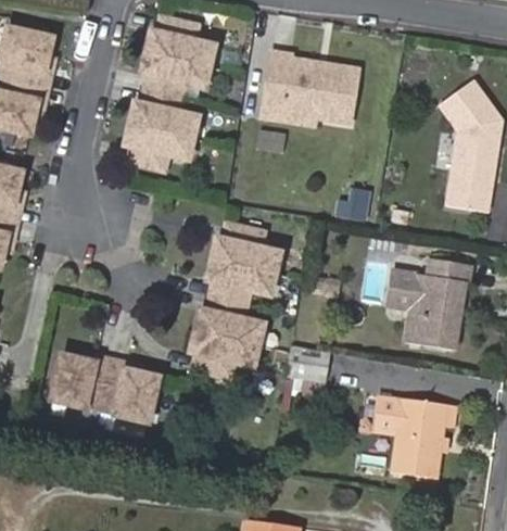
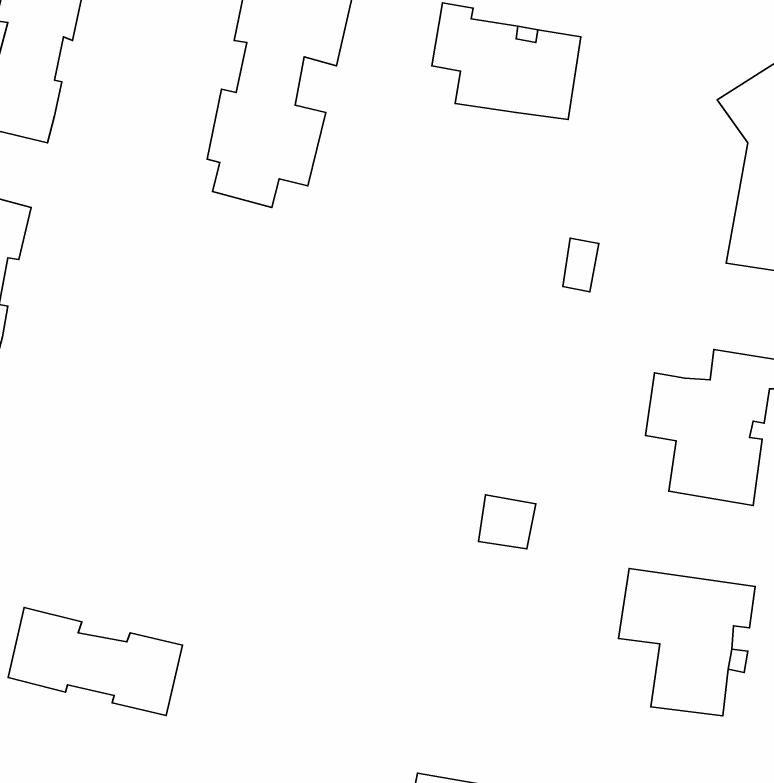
building: [257,86,314,125] -> none
building: [197,223,283,372] -> none
building: [53,361,159,426] -> [8,608,182,715]

